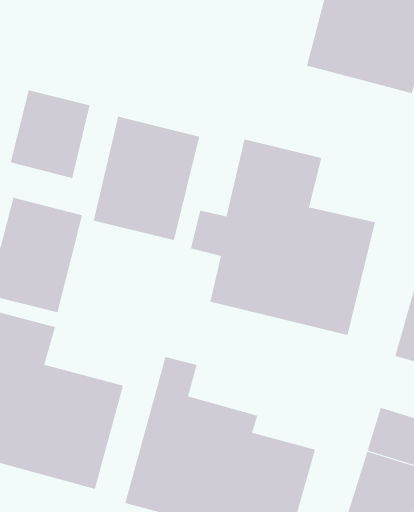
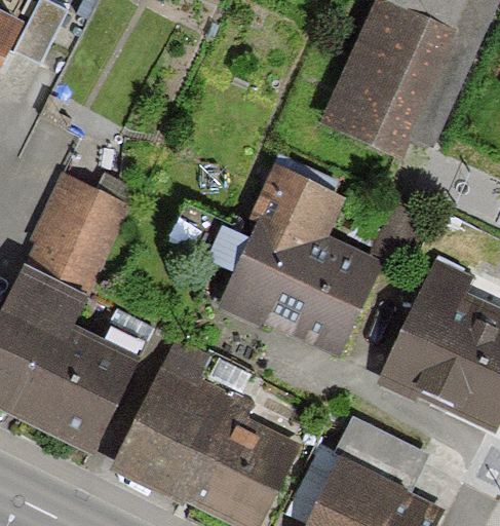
building: [10,90,90,179] -> none
building: [93,116,200,241] -> none

